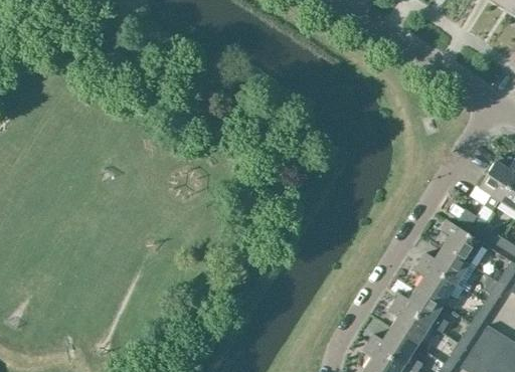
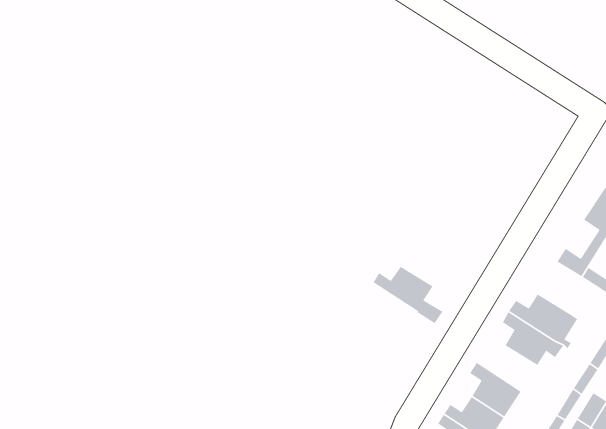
building: [440,221,482,262] -> none
building: [394,288,451,334] -> [373,266,444,324]

